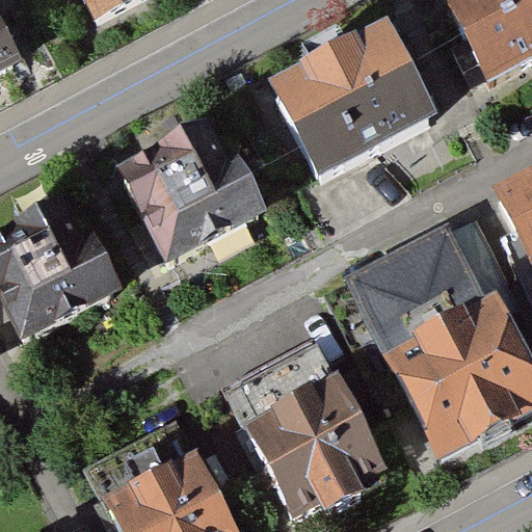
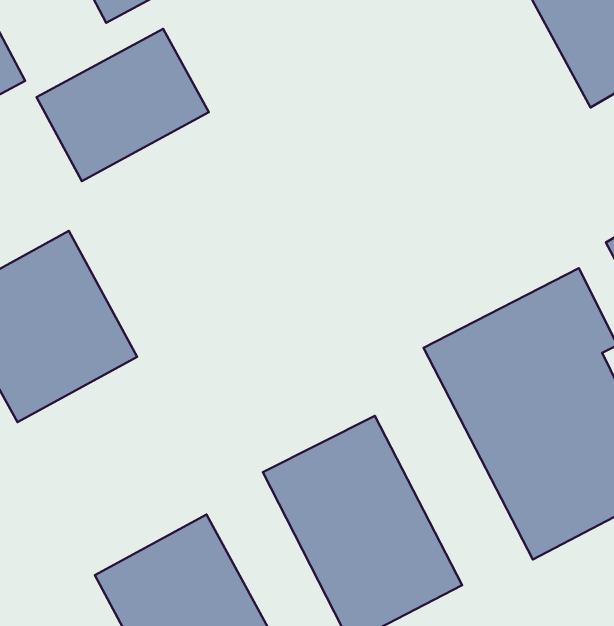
building: none -> [37,29,209,181]
building: [271,25,434,182] -> none
building: [113,117,263,265] -> none

